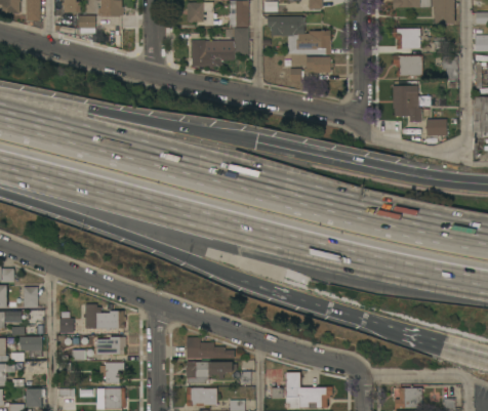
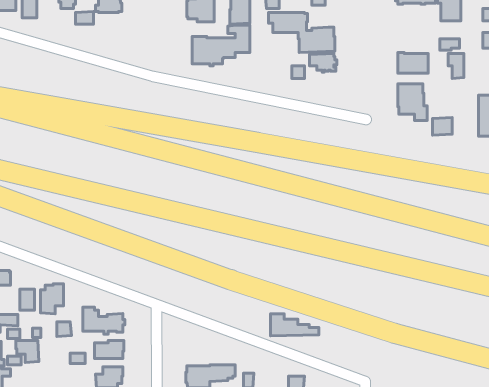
building: [393,29,420,49] -> none
building: none -> [40,284,63,314]
building: [187,337,234,359] -> [270,314,319,336]

